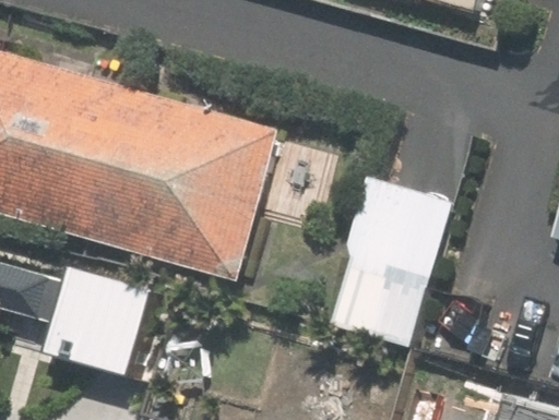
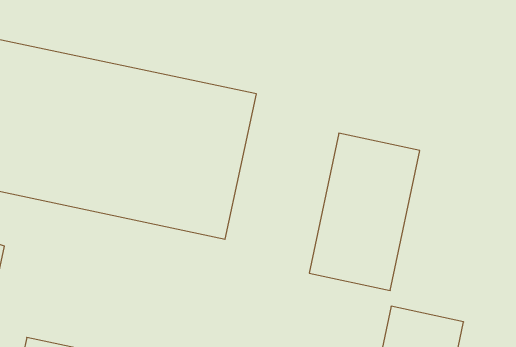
building: [44,268,155,377] -> none

